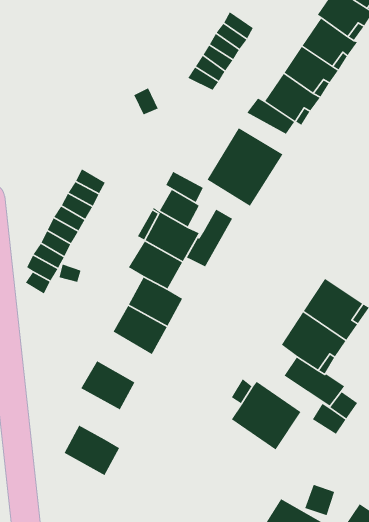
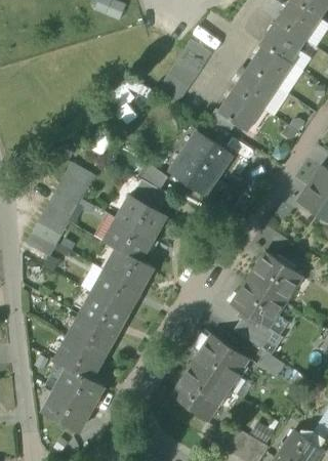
building: [186,209,233,268] -> none
building: none -> [85,294,129,334]
building: none -> [59,339,104,379]
building: none -> [171,364,228,419]
building: none -> [44,390,91,434]

